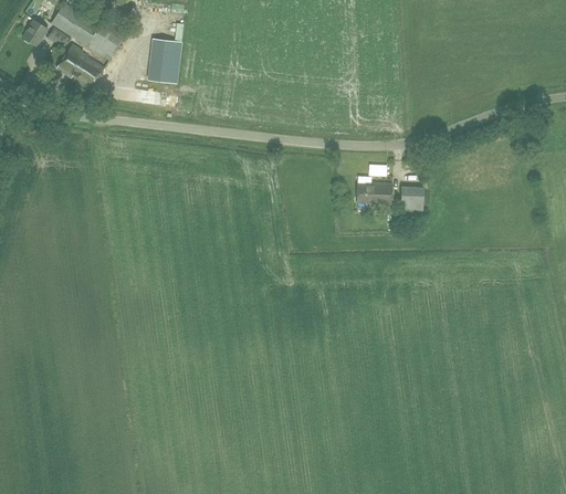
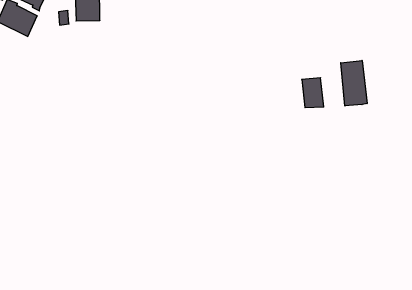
building: none -> [341,60,367,106]
building: [356,182,392,204] -> none

